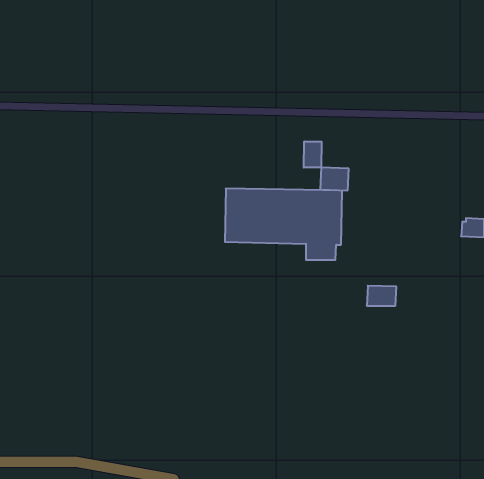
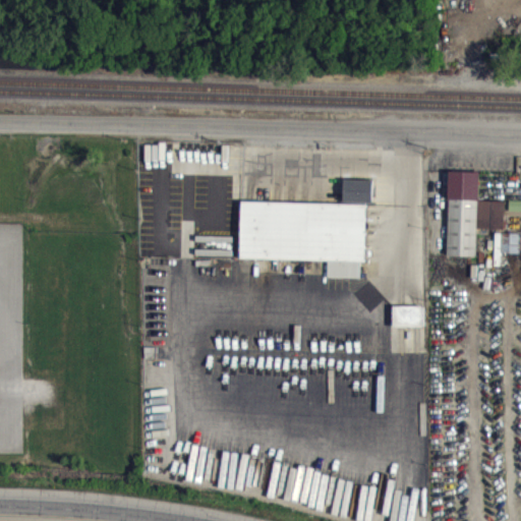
building: [304,141,322,168] -> none
building: none -> [446,171,504,256]

